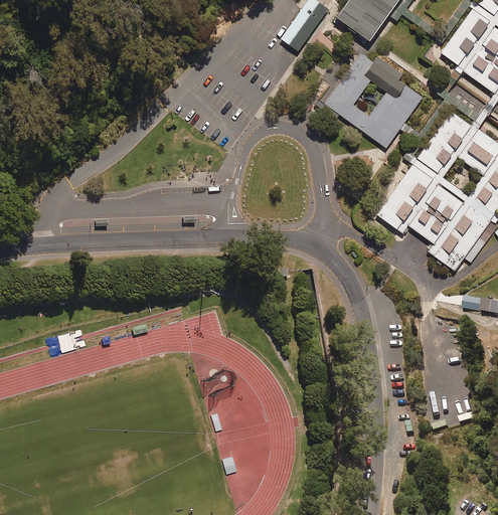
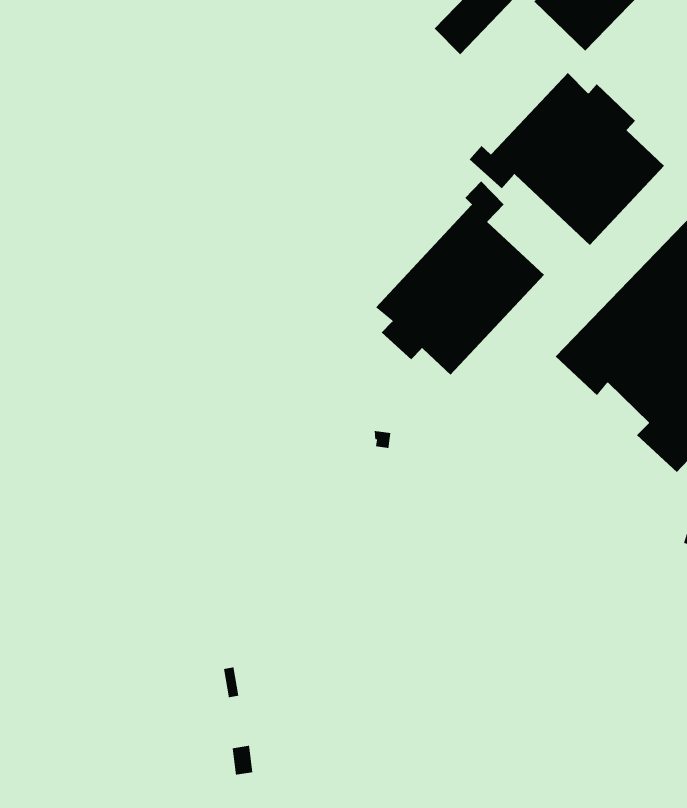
building: none -> [375,181,545,375]

